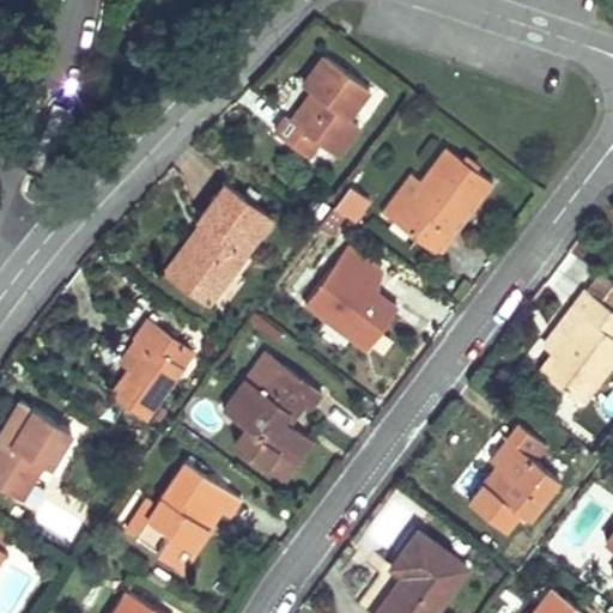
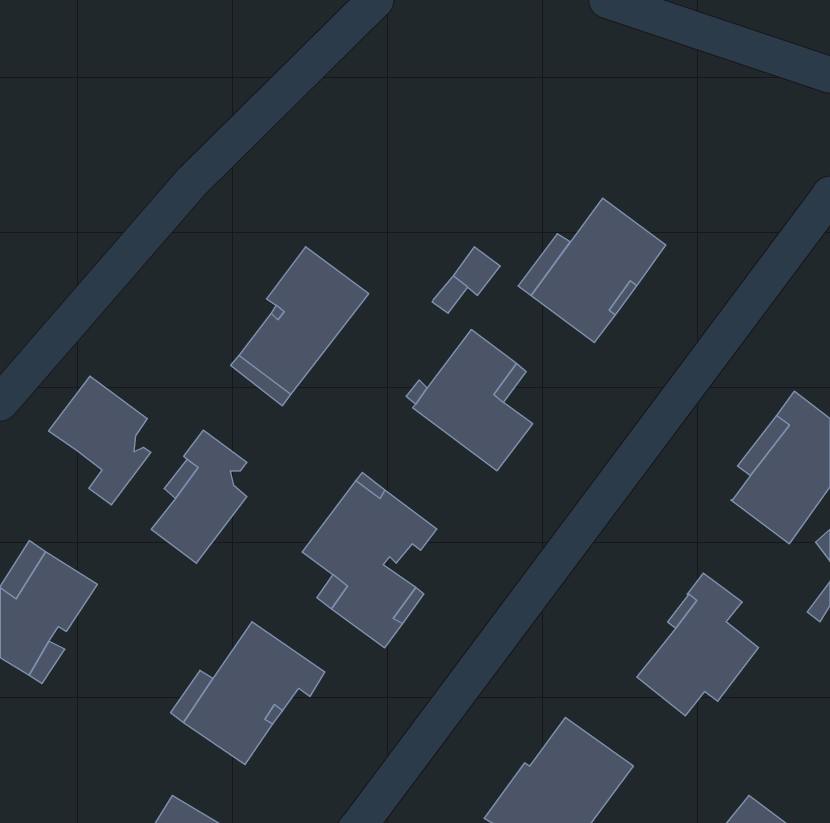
building: [275,59,369,159] -> none
building: none -> [49,376,151,505]

